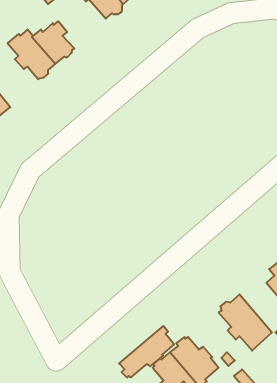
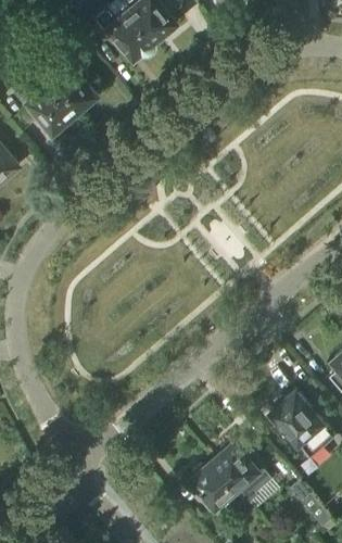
building: [119,326,174,378] -> none

